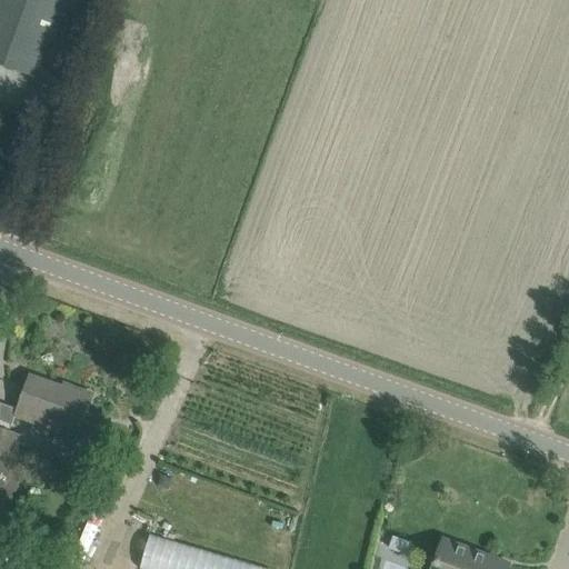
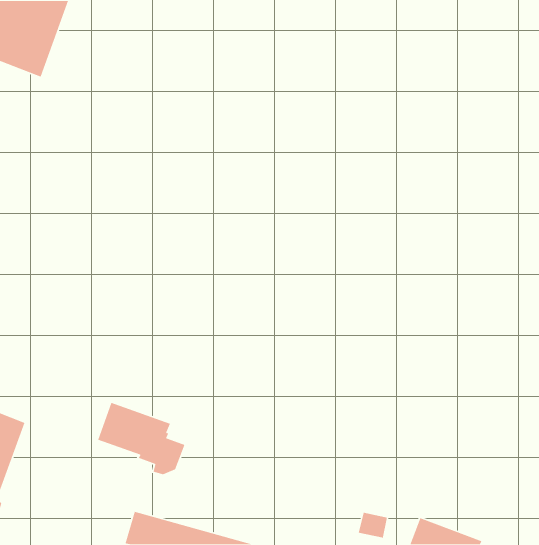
building: [9,376,101,452] -> [97,402,185,475]

